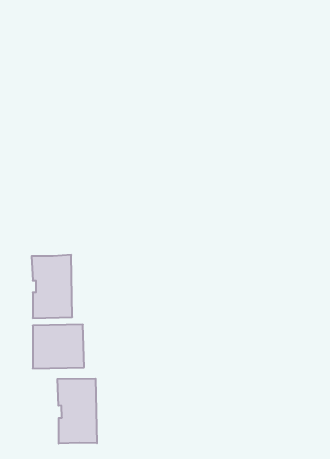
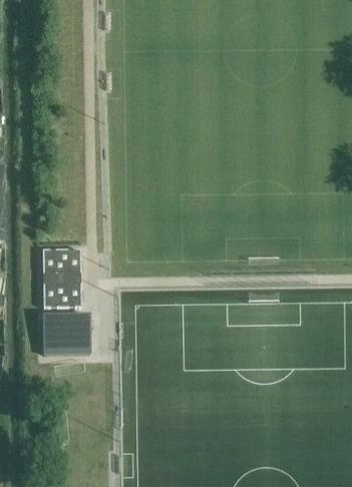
building: [57,379,97,444] -> none

